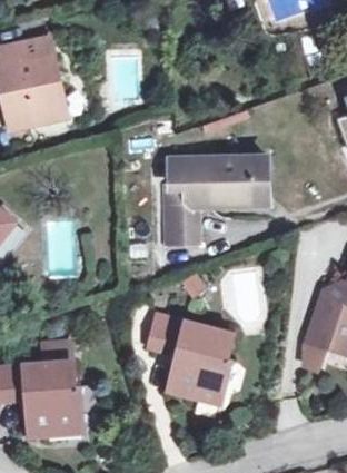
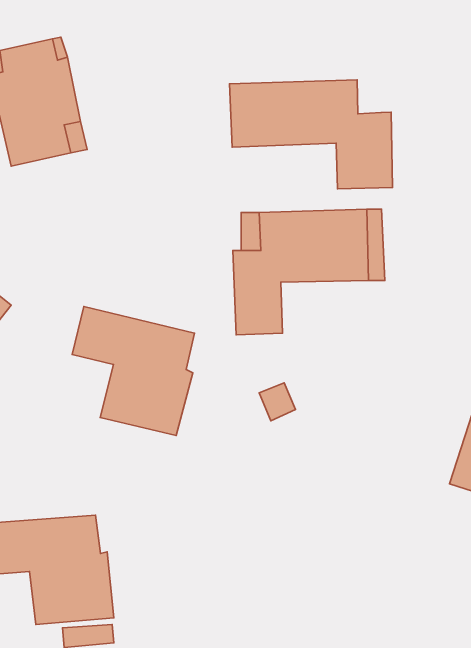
building: none -> [230,80,393,189]
building: [149,315,231,402] -> [72,307,195,436]

